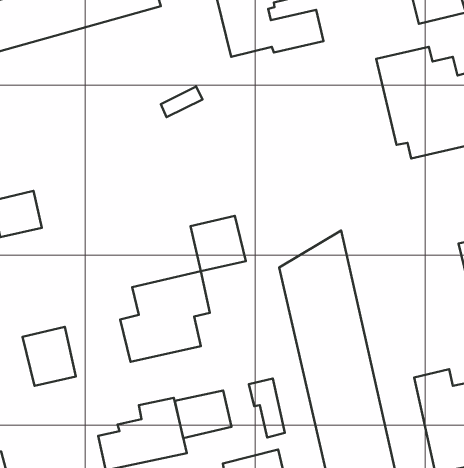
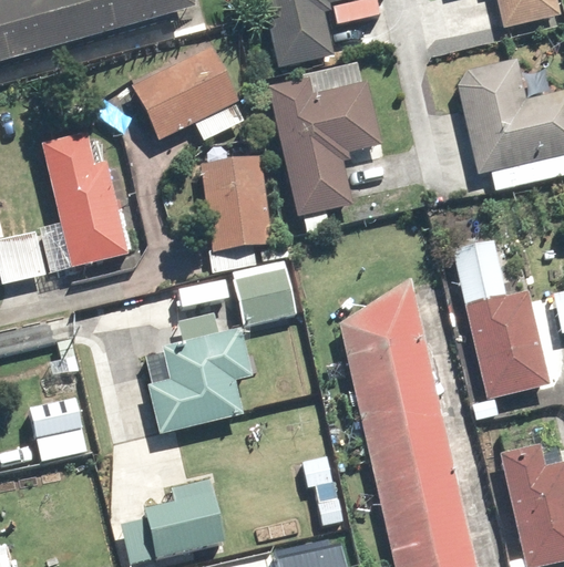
building: none -> [131,45,239,140]
building: none -> [267,66,382,217]
building: none -> [41,125,130,269]
building: none -> [198,154,275,252]
building: none -> [452,240,552,399]
building: [175,391,231,438] -> none

